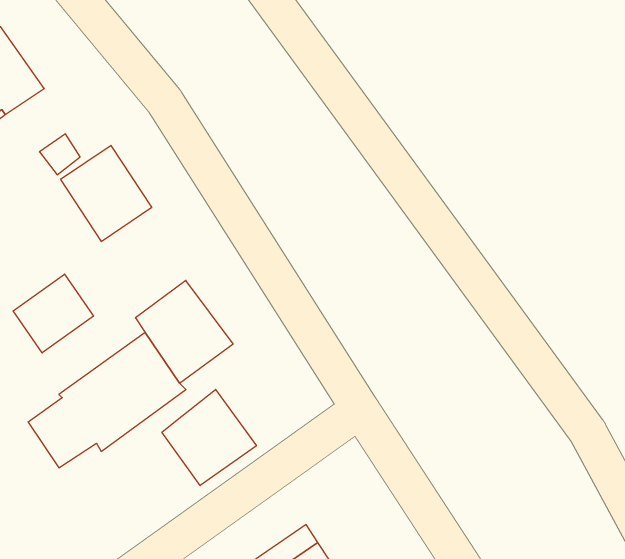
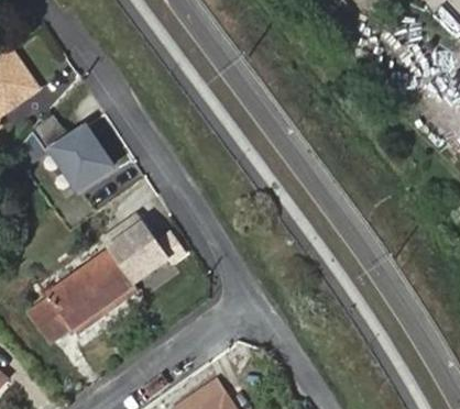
building: [13,274,94,353] -> none
building: [162,389,256,486] -> none

